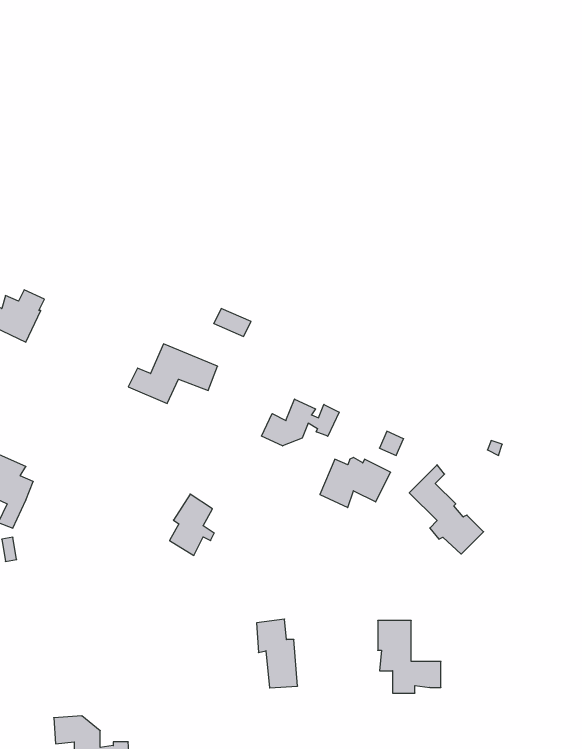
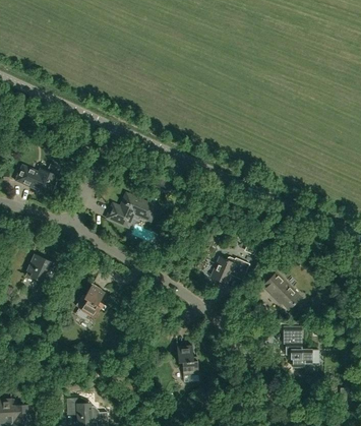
building: [262,399,339,446] -> none
building: [170,494,214,555] -> [81,284,106,317]
building: [378,621,441,693] -> [284,327,318,367]

